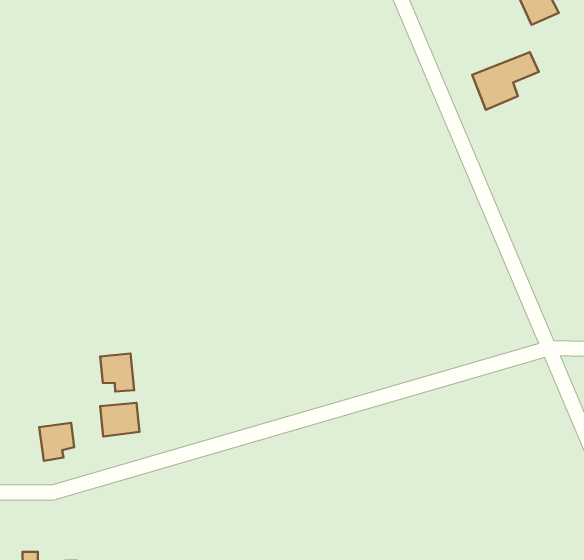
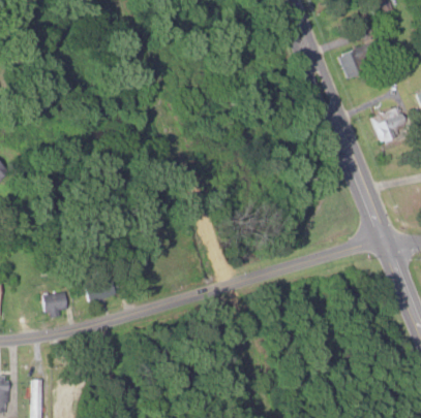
building: none -> [371,106,409,141]
building: [100,354,134,392] -> none

